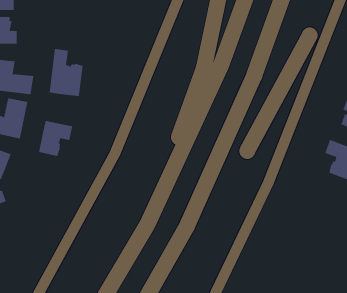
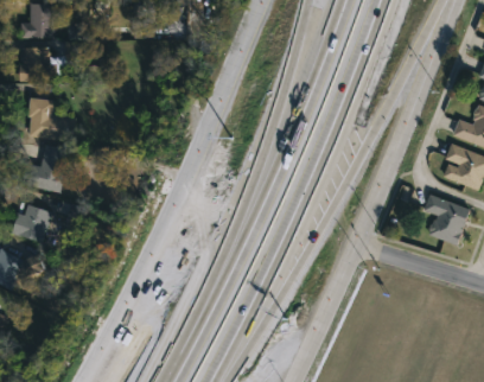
building: [49,48,83,97] -> none
building: [38,120,73,157] -> none

